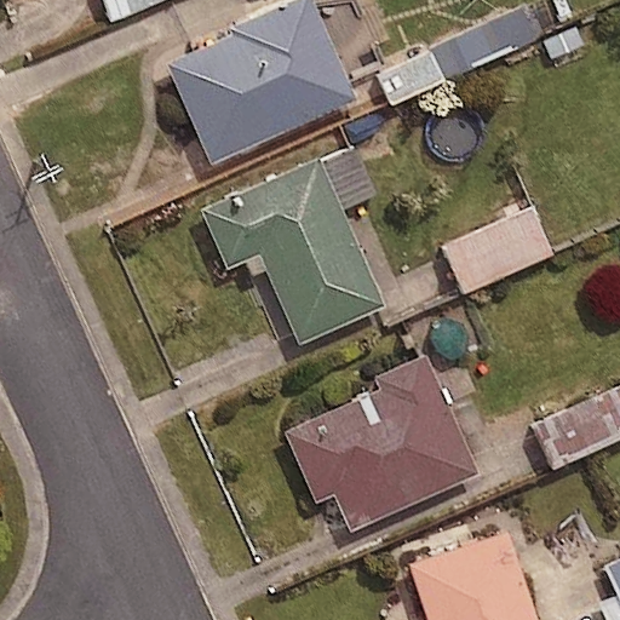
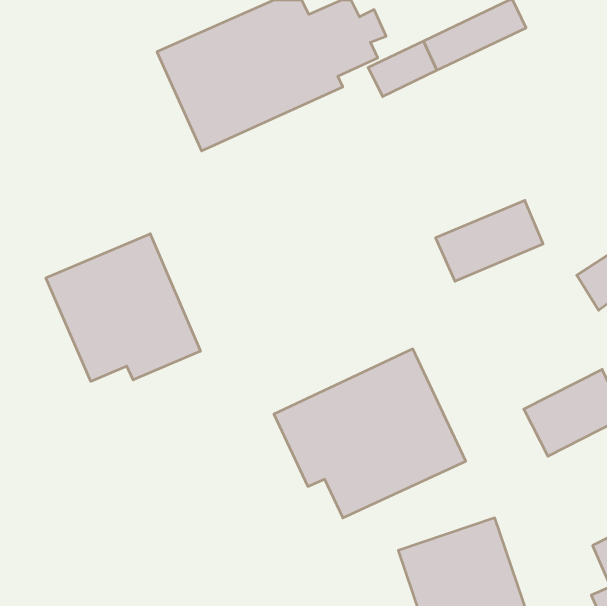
building: [203,160,381,341] -> none
building: none -> [46,234,200,381]

